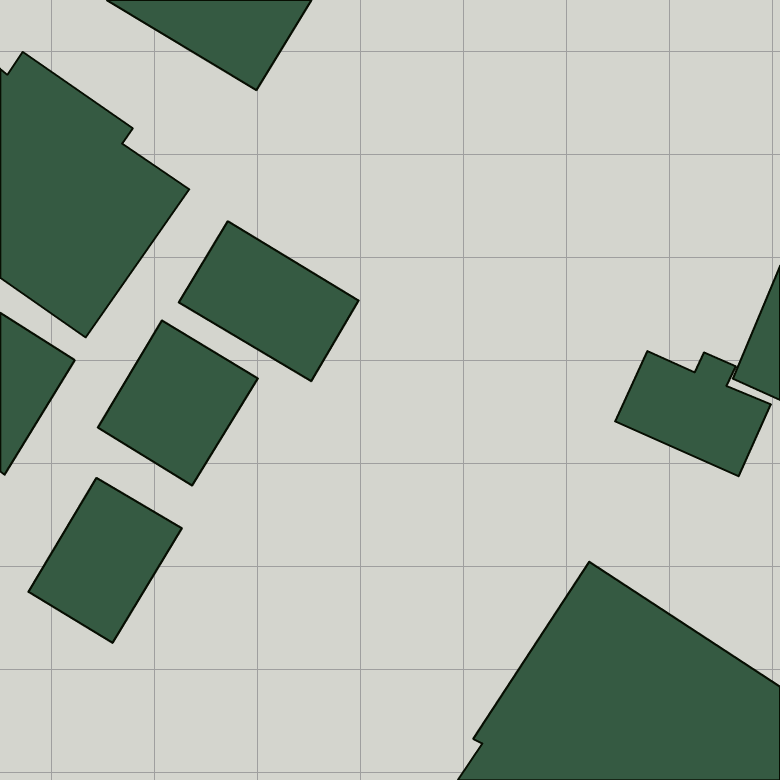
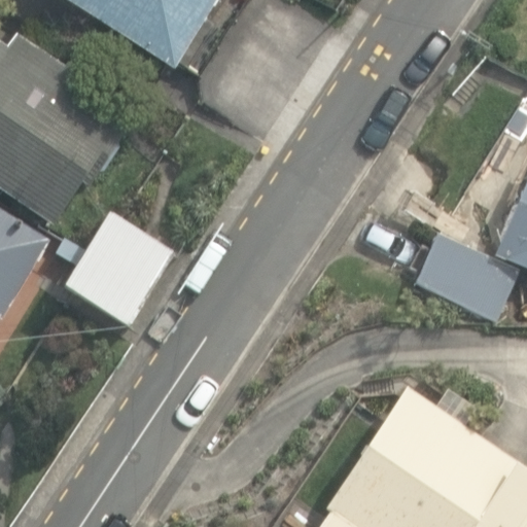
building: [179,221,359,381] -> none
building: [28,478,182,643] -> none

